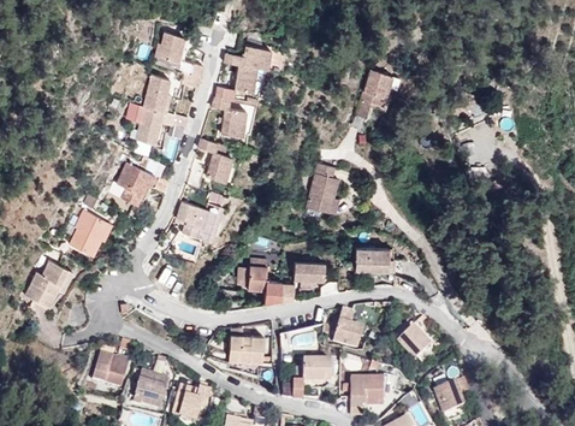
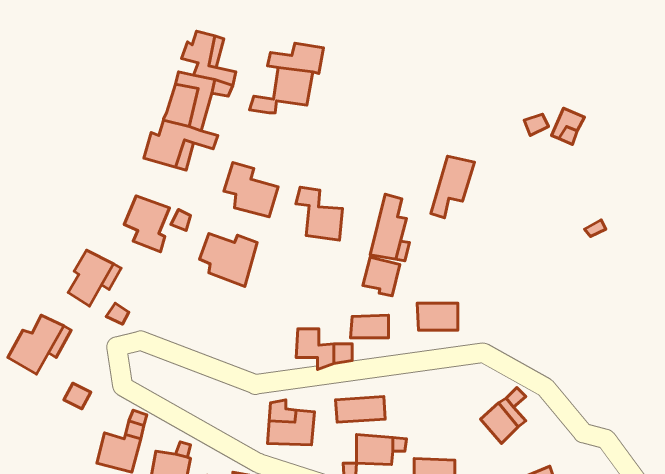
building: [356,72,391,122] -> [431,156,475,218]
building: [211,96,248,138] -> [296,187,343,240]
building: none -> [363,257,400,296]
building: [332,315,360,349] -> none

